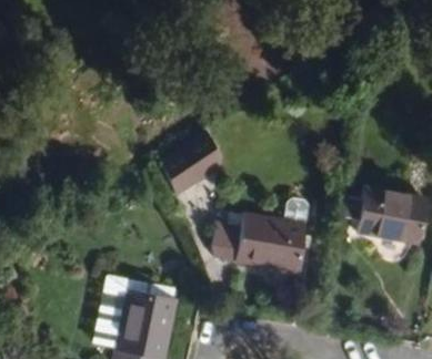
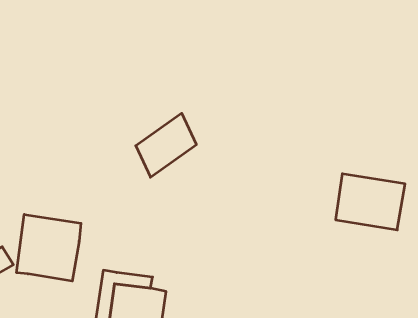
building: [217,206,301,277] -> none
building: none -> [17,214,81,281]

